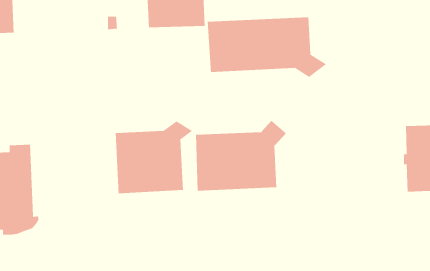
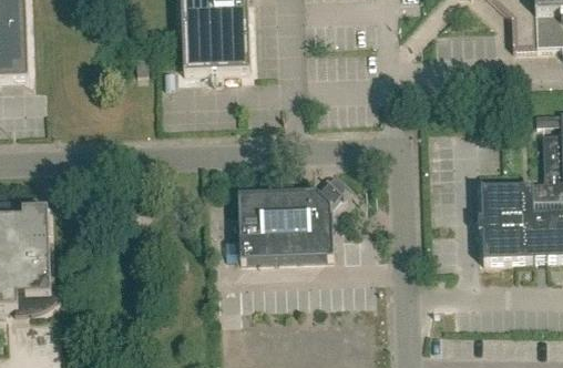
building: [207,16,327,78] -> none
building: [115,120,193,194] -> none

